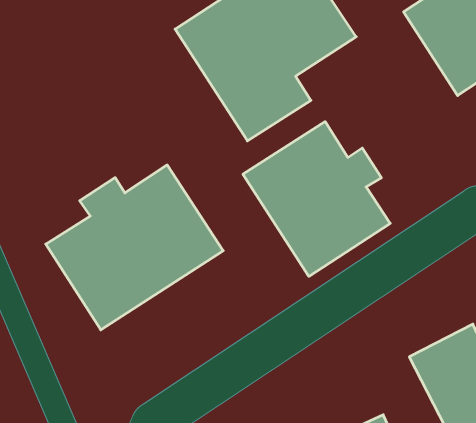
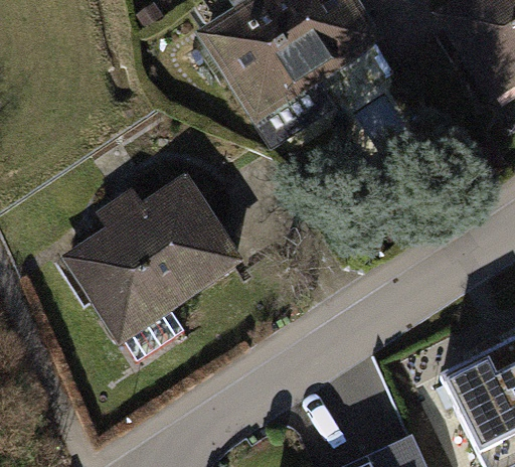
building: [243,122,390,276] -> none

